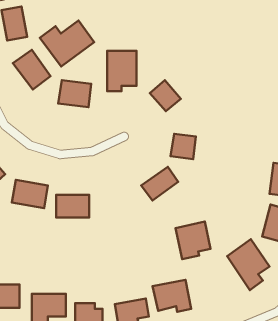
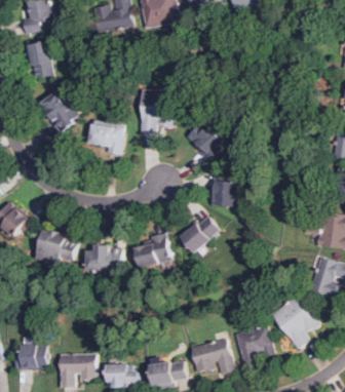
building: [40,21,94,66] -> none
building: none -> [133,233,171,268]
building: [175,221,210,259] -> [235,325,273,366]

